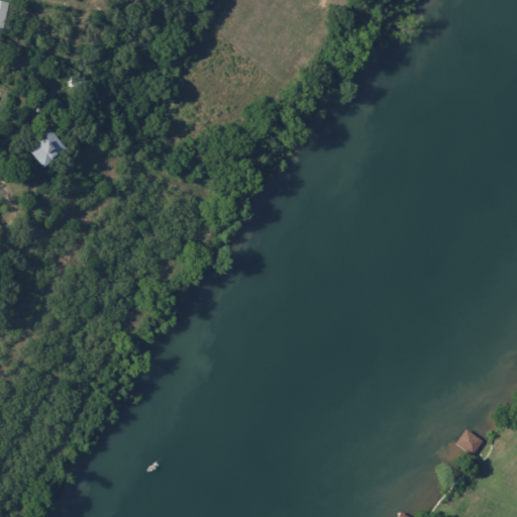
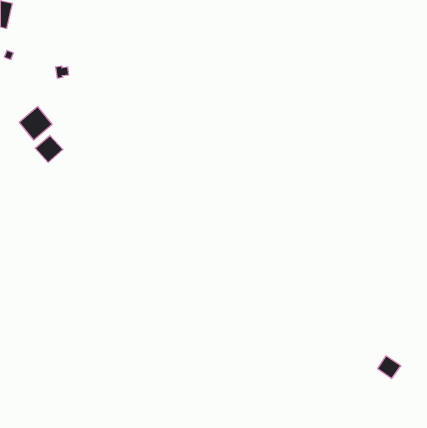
building: none -> [35,135,63,162]

